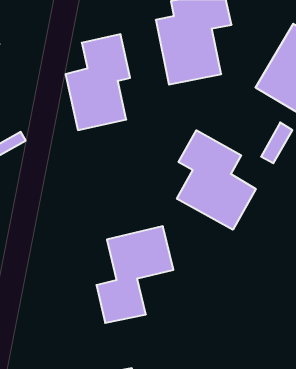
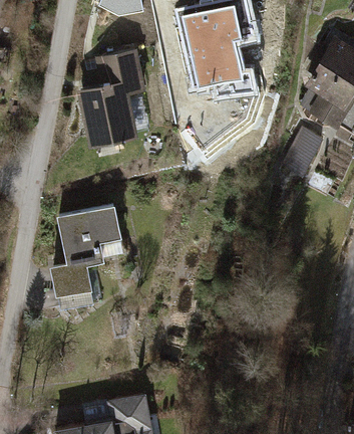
building: [177,130,256,230] -> none
building: [96,226,173,323] -> [47,200,128,302]

